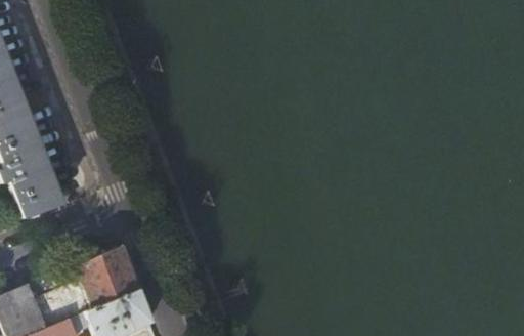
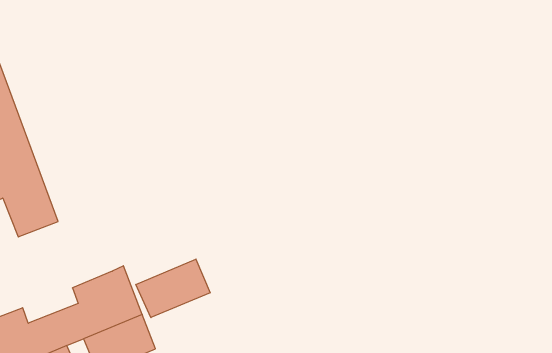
building: none -> [136,259,210,318]

